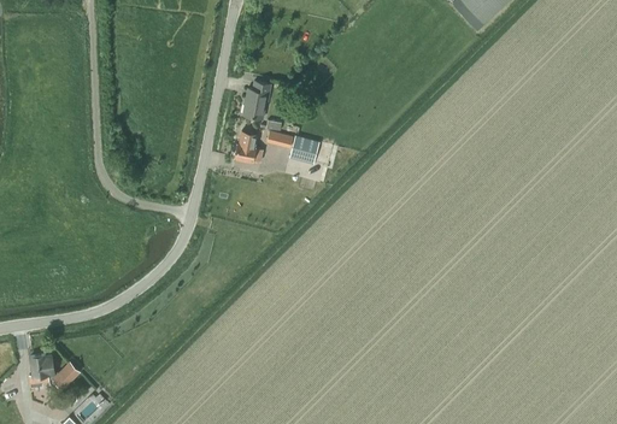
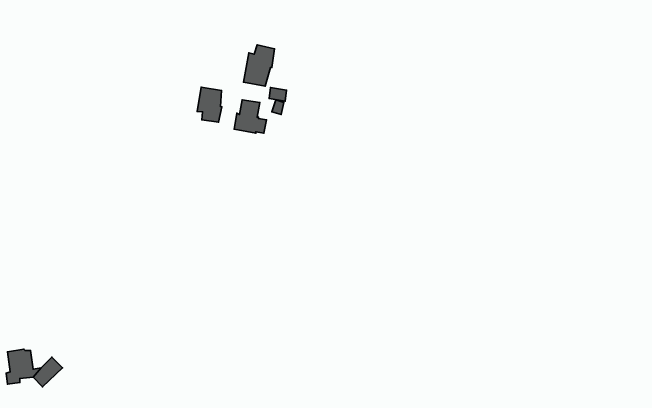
building: none -> [197,87,222,122]
building: [289,136,319,164] -> none

